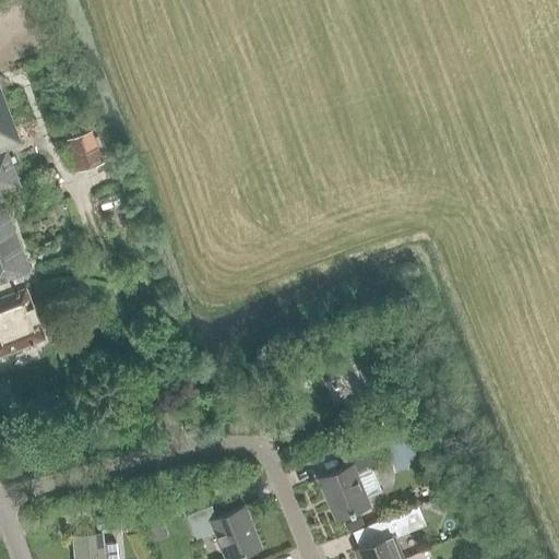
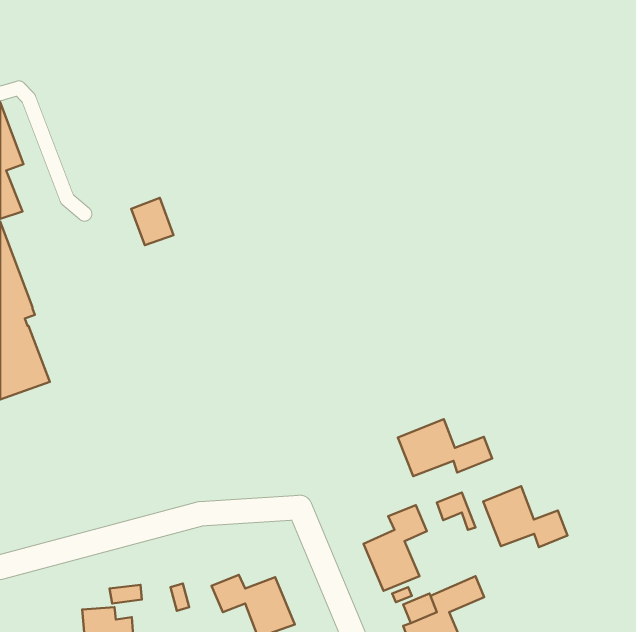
building: [66,132,103,174] -> [131,198,173,245]
building: none -> [398,419,492,476]
building: none -> [483,486,568,547]

